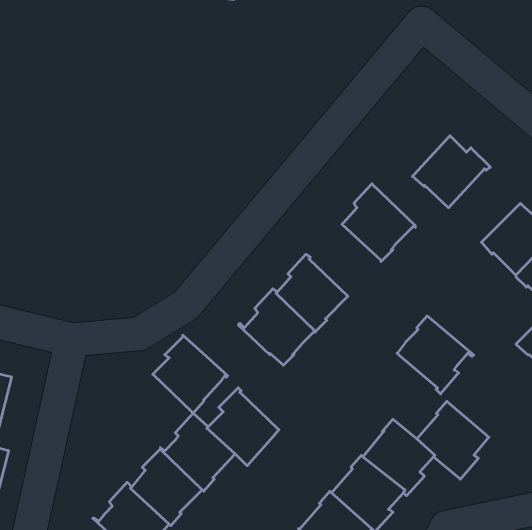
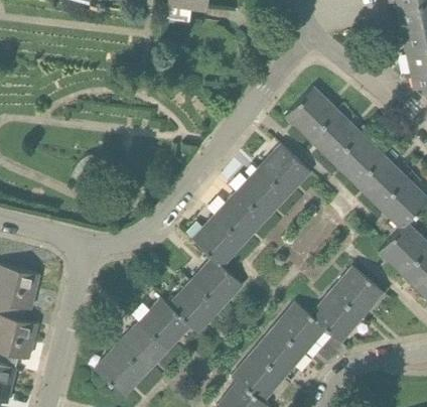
building: none -> [285,87,337,138]
building: none -> [331,134,384,183]
building: none -> [239,167,287,221]
building: [397,316,474,394] -> [332,266,384,318]
building: [153,335,228,413] -> [192,258,243,310]

